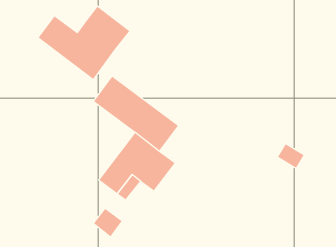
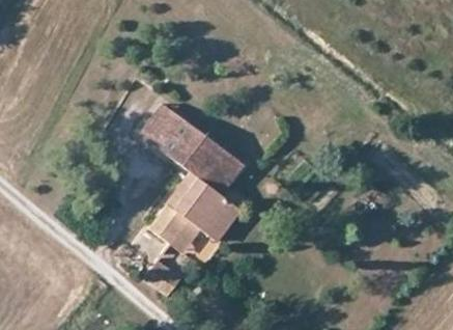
building: [38,6,130,80] -> none

